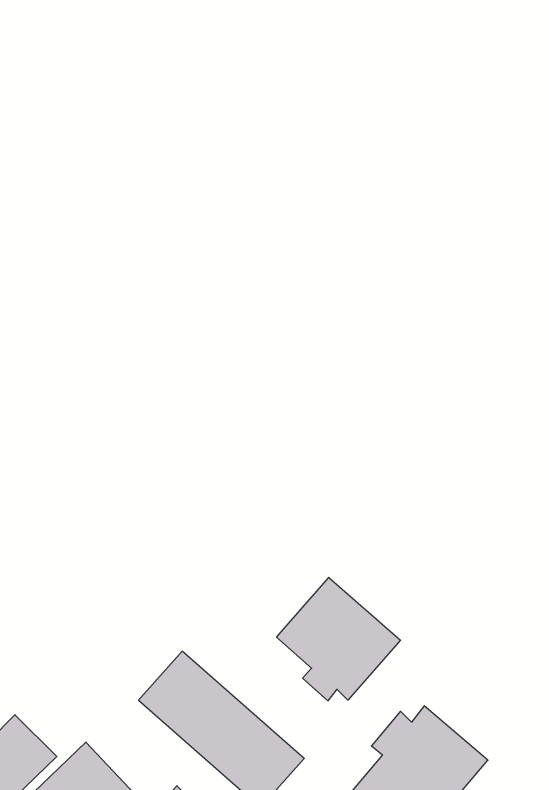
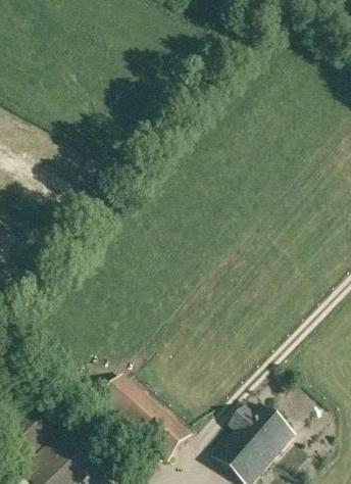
building: [277,577,400,701] -> none

